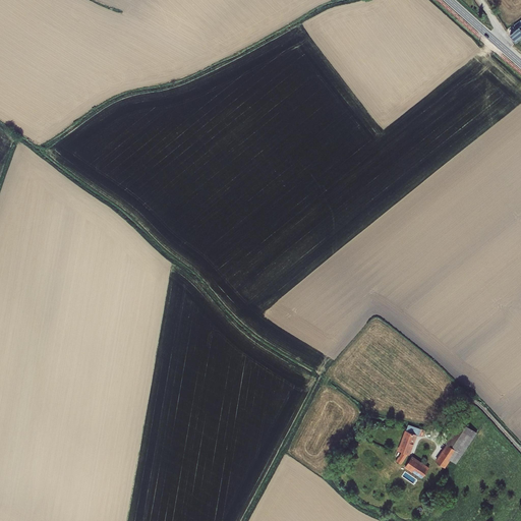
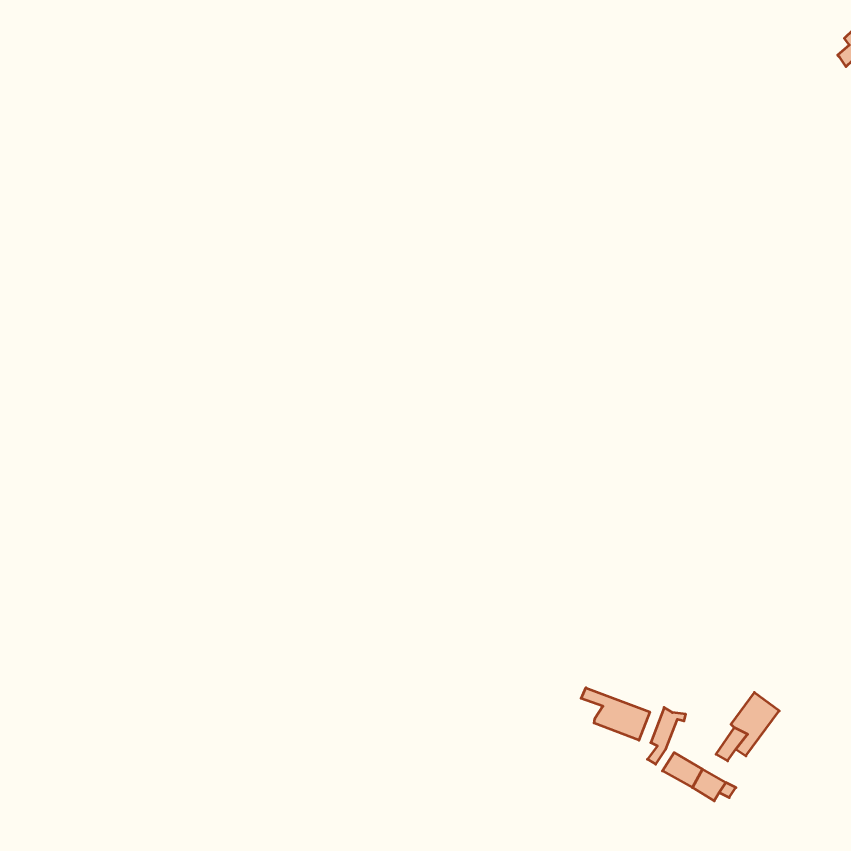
building: none -> [581,688,650,740]

